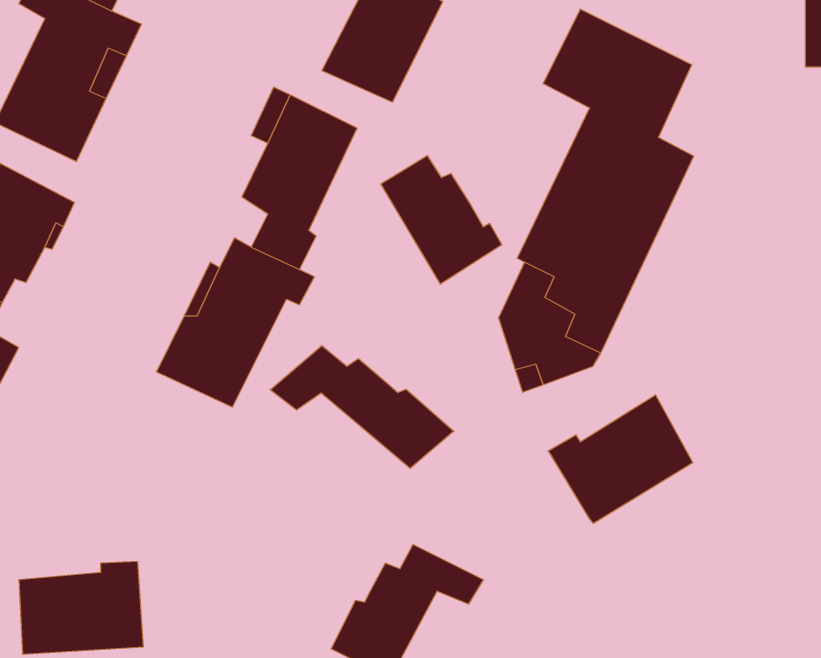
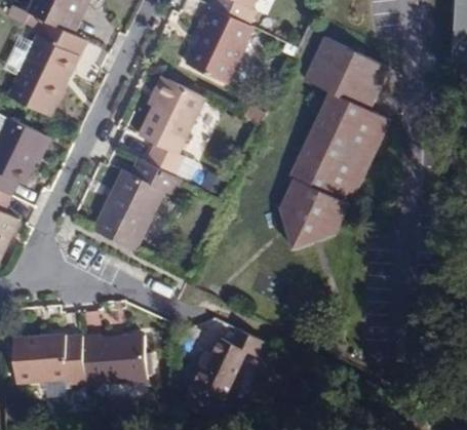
building: [381,156,502,284] -> none
building: [270,345,454,469] -> none
building: [548,395,693,523] -> none
building: none -> [84,334,147,383]

